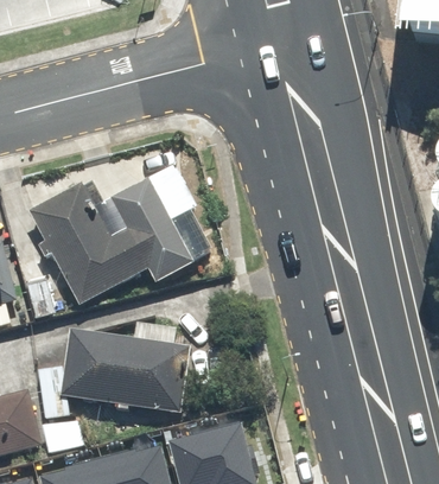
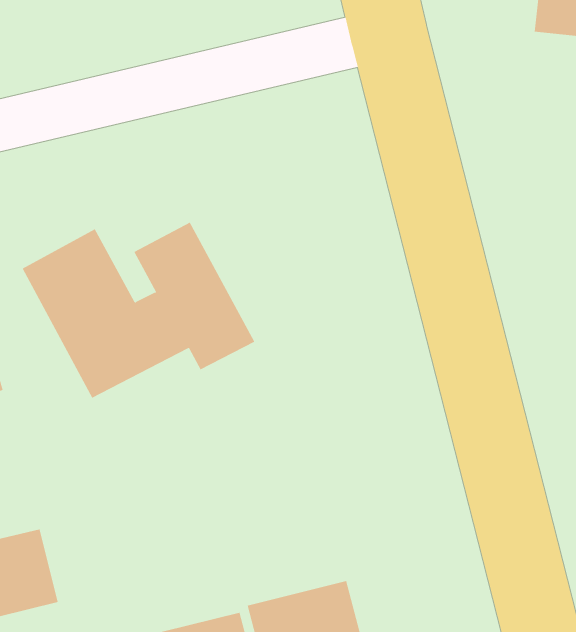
building: [75,332,204,406] -> none

